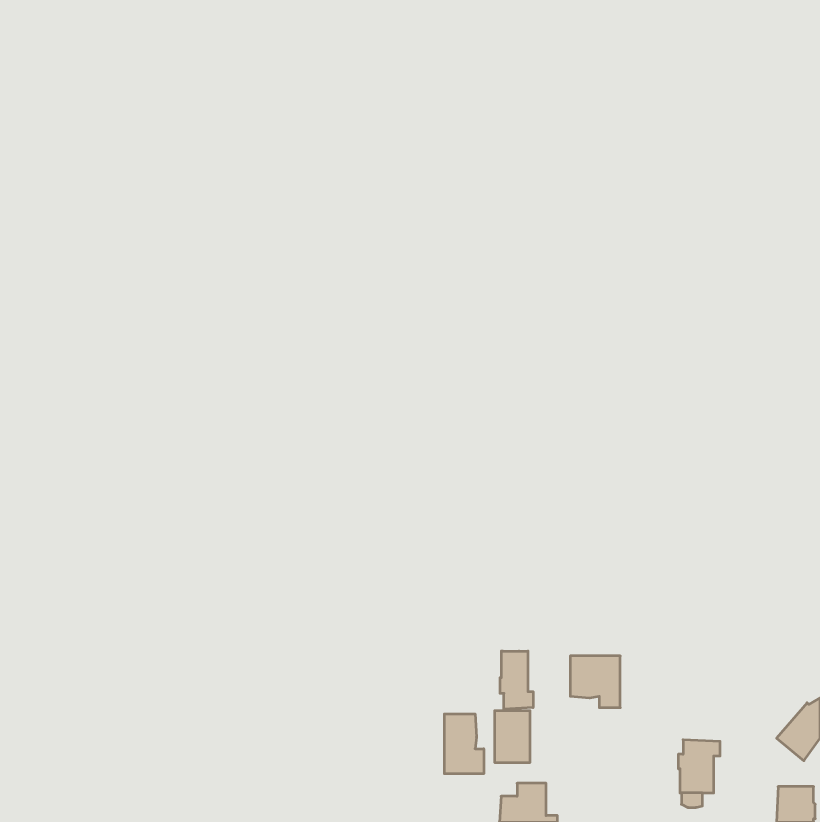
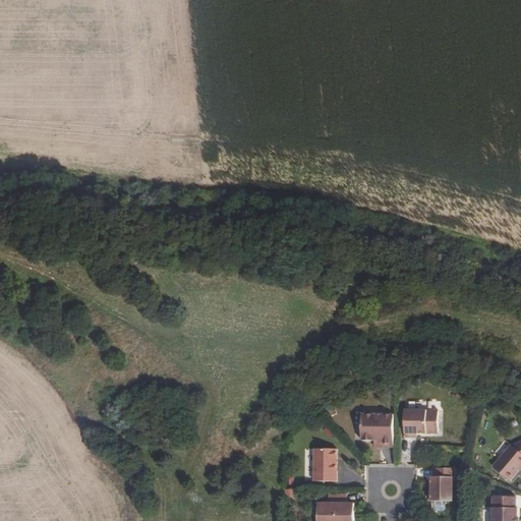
building: none -> [403,409,437,437]
building: [500,651,533,709] -> none
building: [444,714,484,774] -> none

